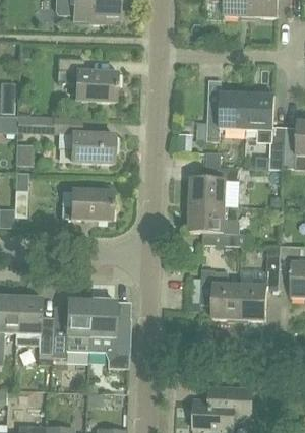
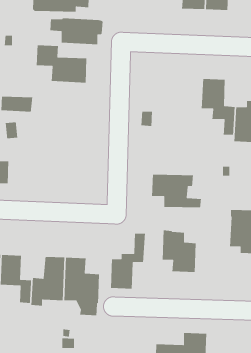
building: [207,94,248,141] -> none
building: [57,132,119,164] -> [49,18,104,45]
building: [190,167,240,205] -> none
building: [60,188,112,221] -> none
building: [240,254,281,319] -> [110,233,146,290]

